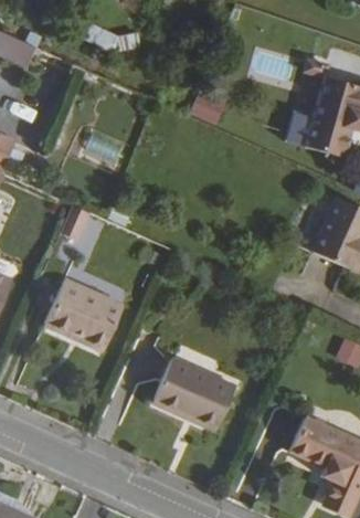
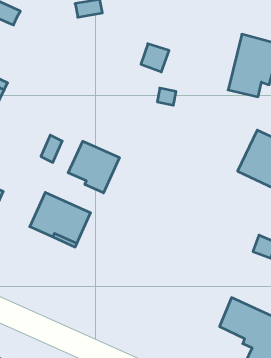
building: none -> [68,141,119,193]
building: [158,358,236,431] -> none

